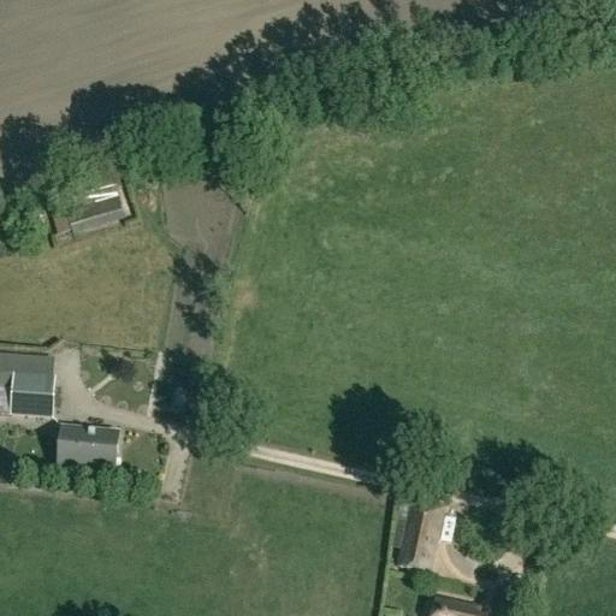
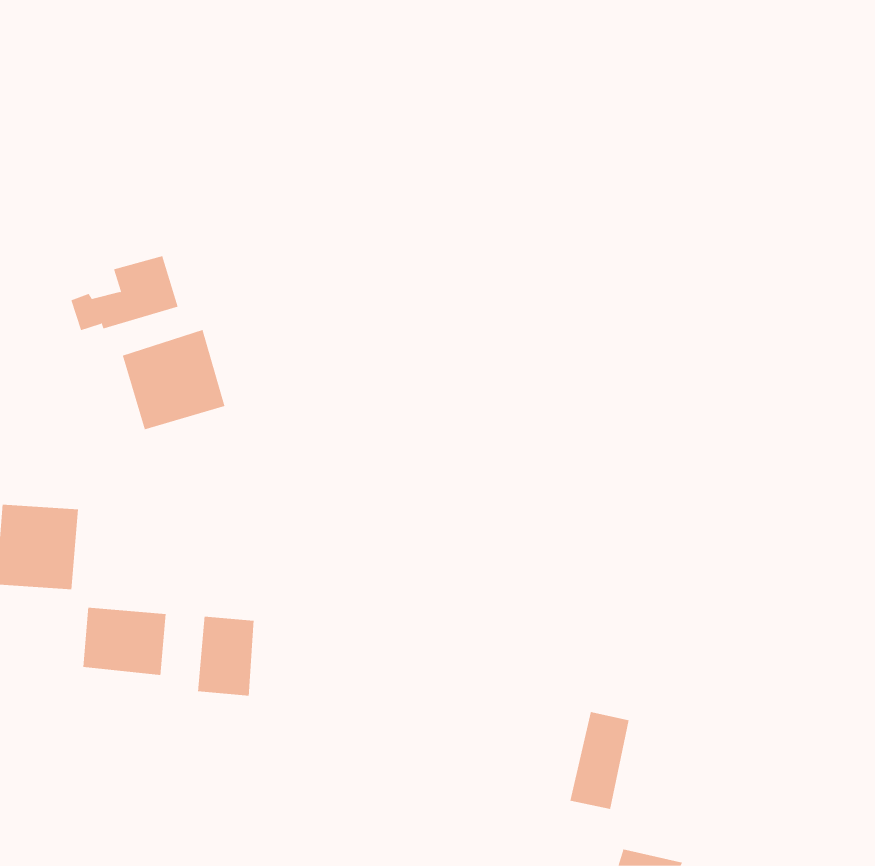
building: none -> [122,329,225,430]
building: none -> [197,616,254,697]

